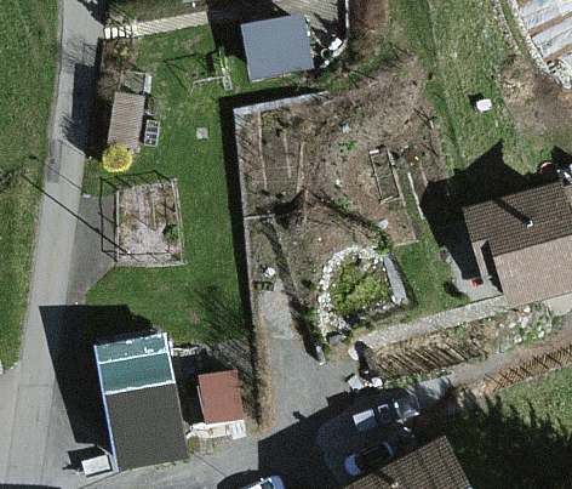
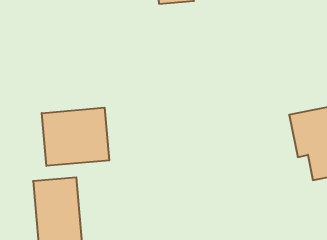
building: none -> [42,108,109,166]

